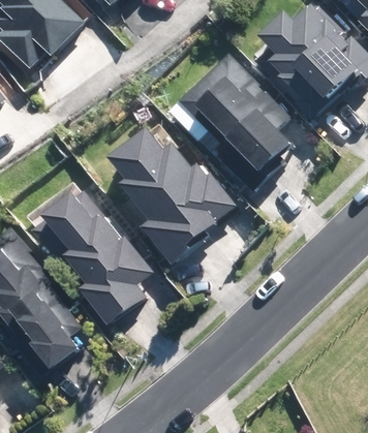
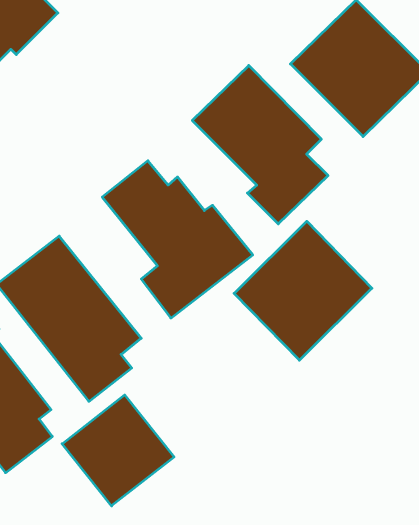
building: none -> [234,221,372,360]
building: none -> [62,395,174,506]

